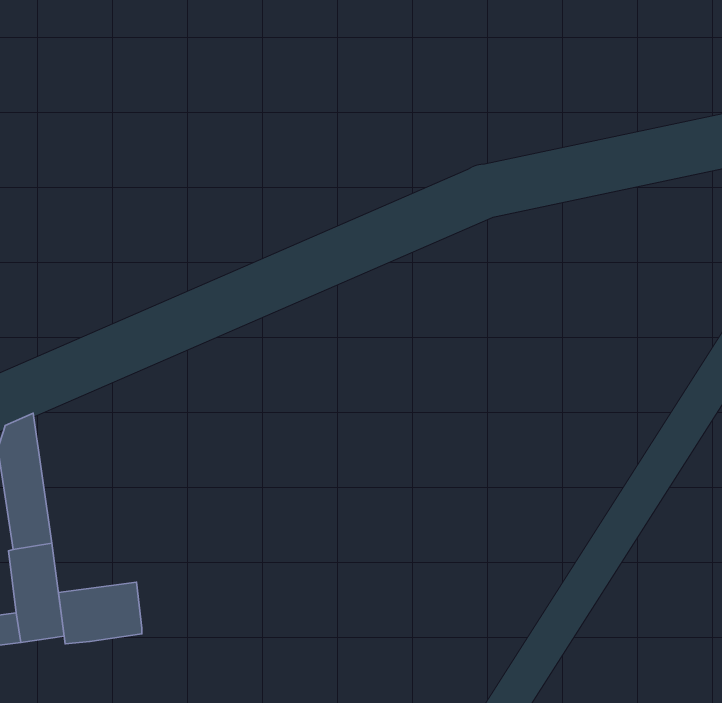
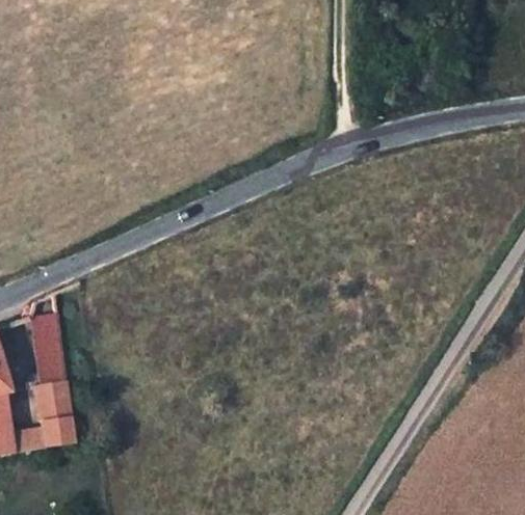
building: [59,582,142,644] -> none

